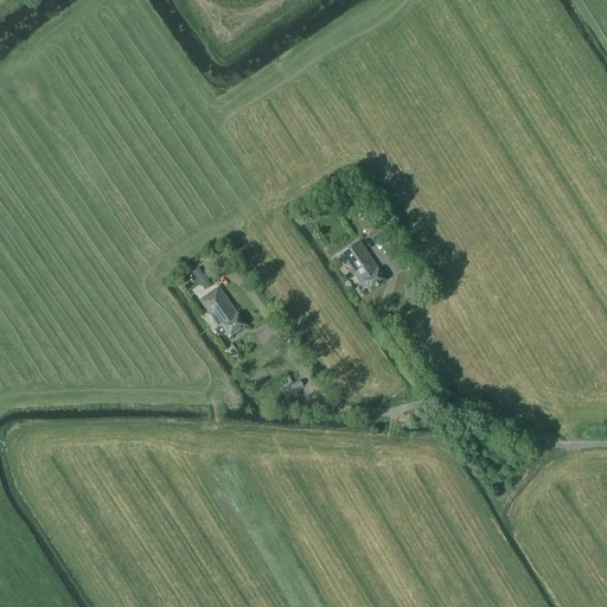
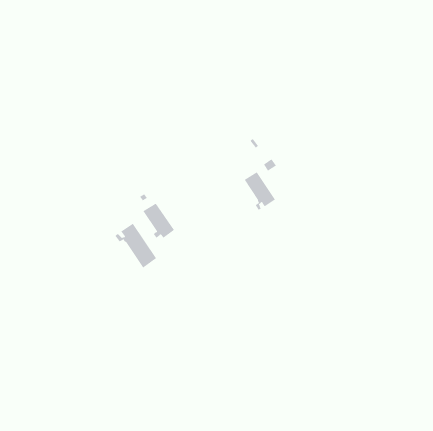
building: none -> [115,223,157,268]

